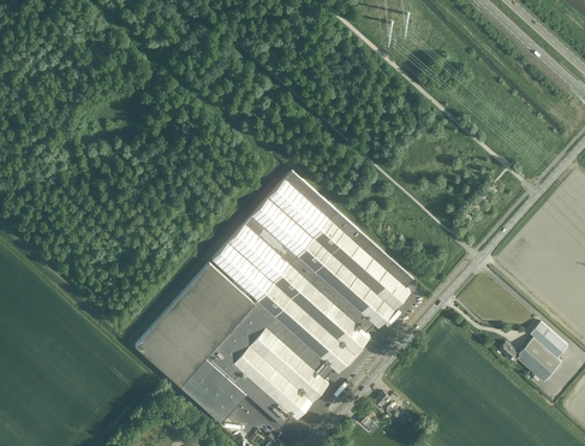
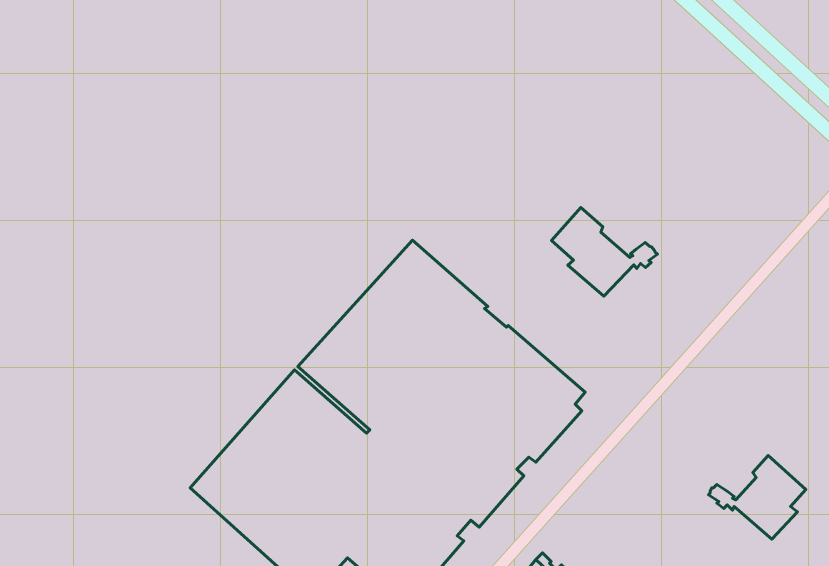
building: none -> [552,207,657,296]

